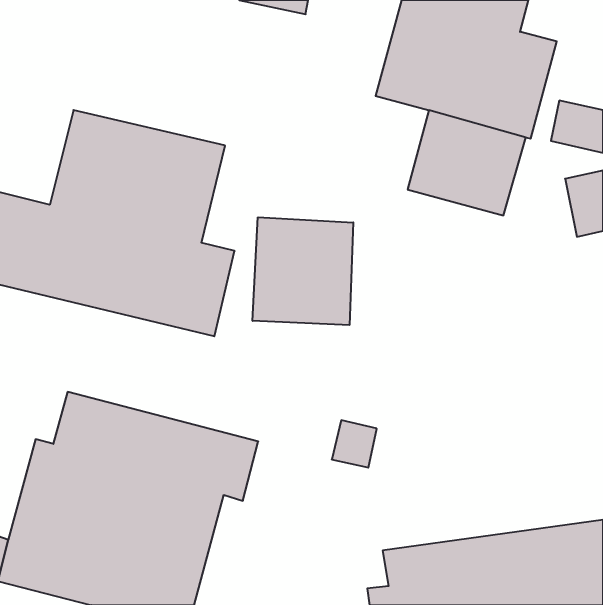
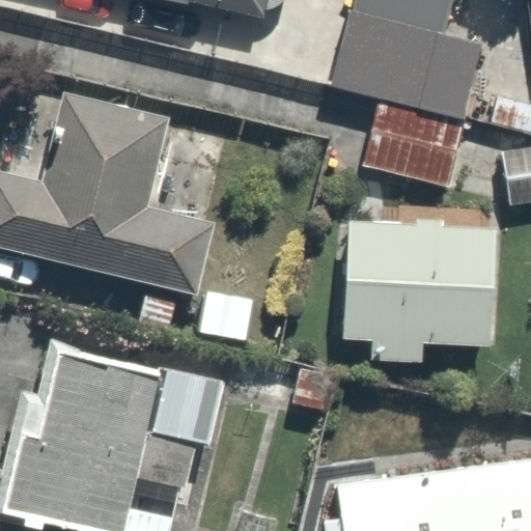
building: [253,217,353,325] -> none
building: none -> [347,219,499,364]

